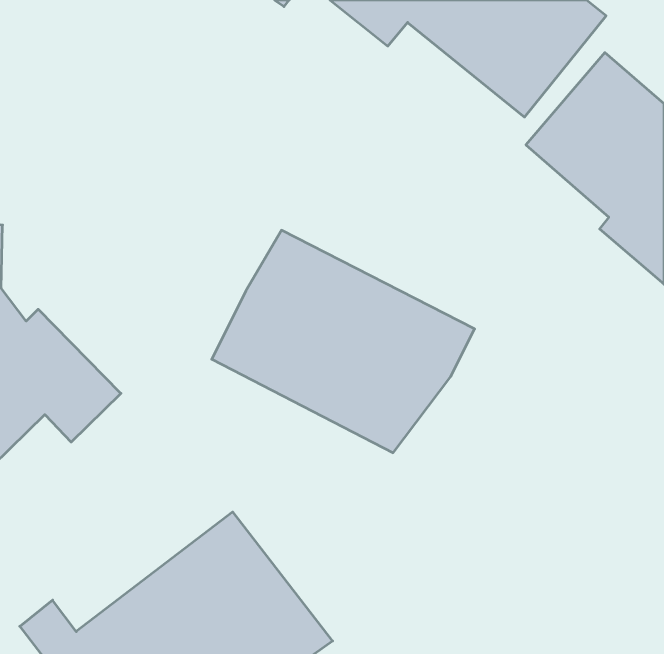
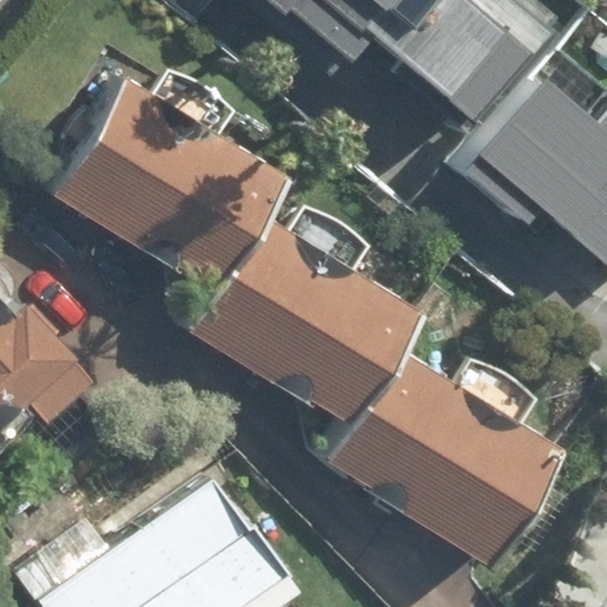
building: none -> [52,84,280,279]
building: none -> [331,356,562,562]

